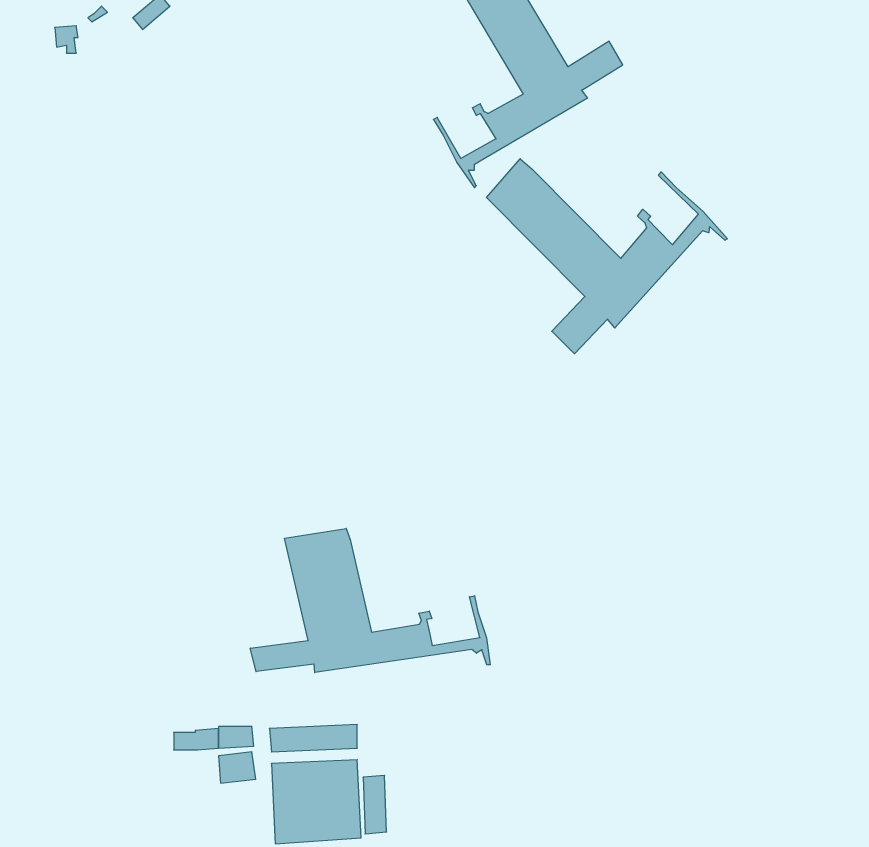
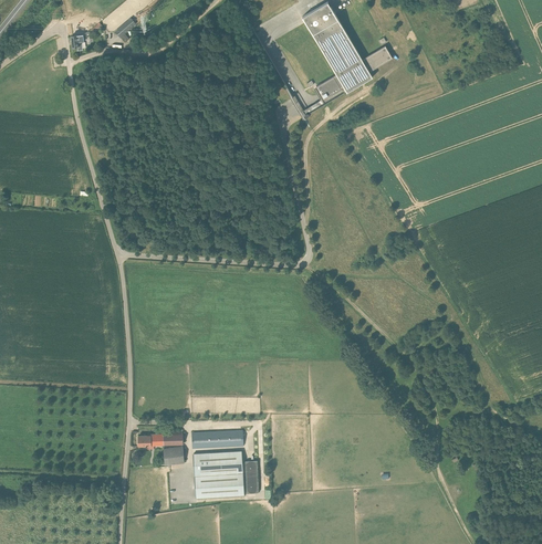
building: [487,159,727,354] -> none
building: [250,528,490,673] -> none

